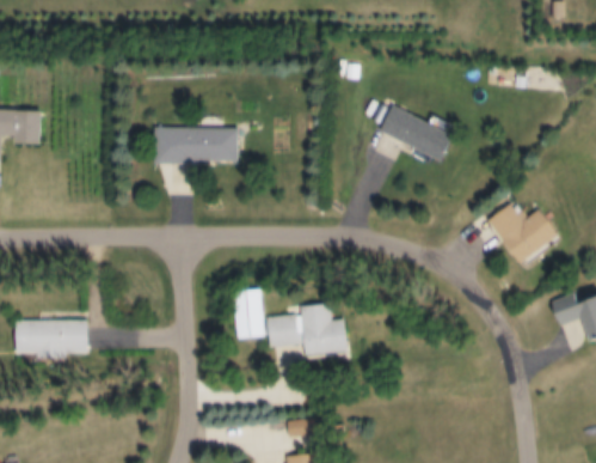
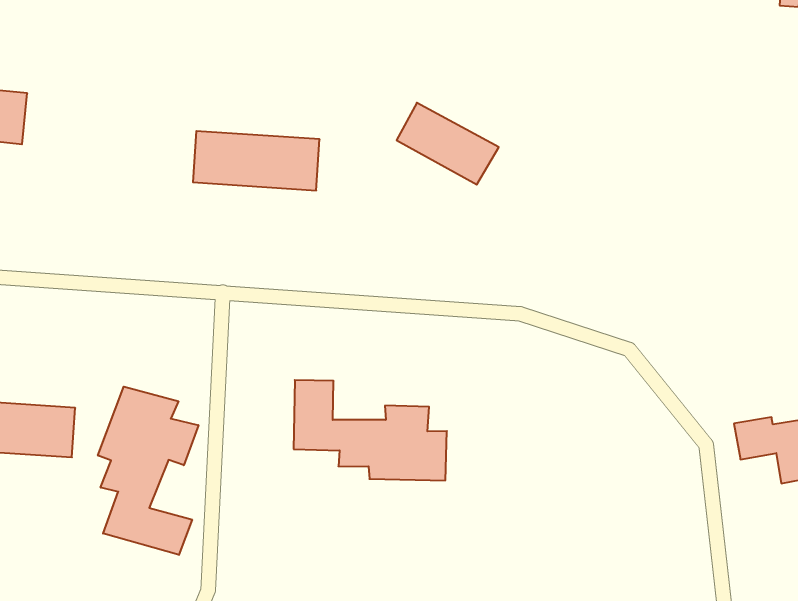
building: [379,106,448,159] -> [397,103,499,185]
building: [478,202,543,262] -> none
building: none -> [98,387,198,555]

